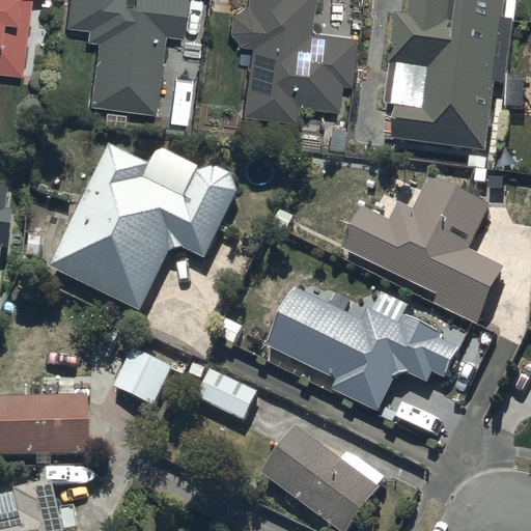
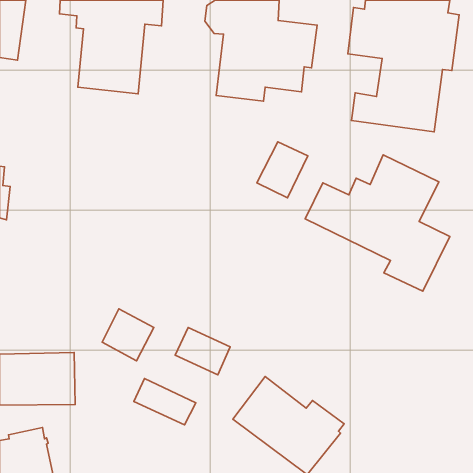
building: [50,142,237,309] -> none
building: none -> [257,142,308,198]
building: [264,286,476,411] -> none
building: none -> [134,379,196,425]

